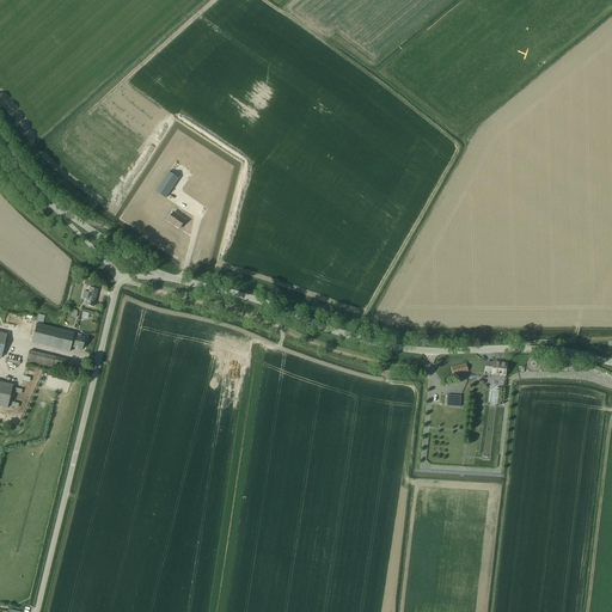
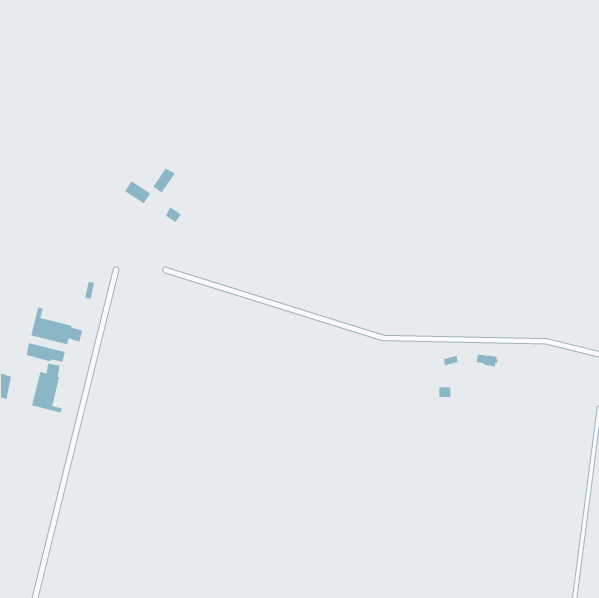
building: none -> [32,363,63,413]

